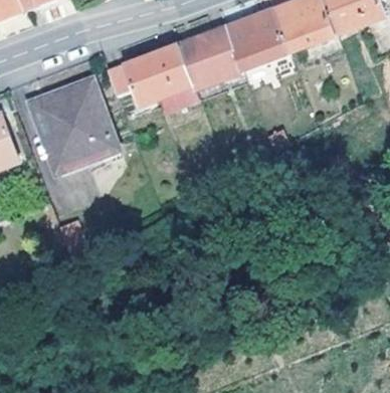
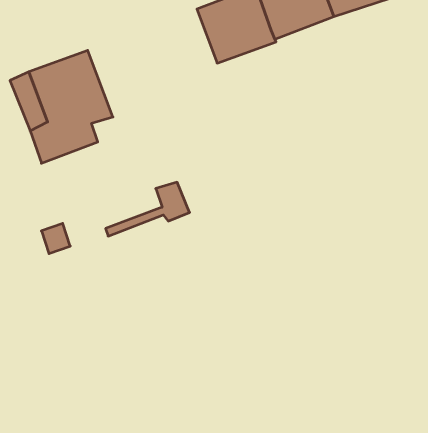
building: [108,44,198,108] -> none
building: [55,131,123,174] -> [106,182,190,236]

